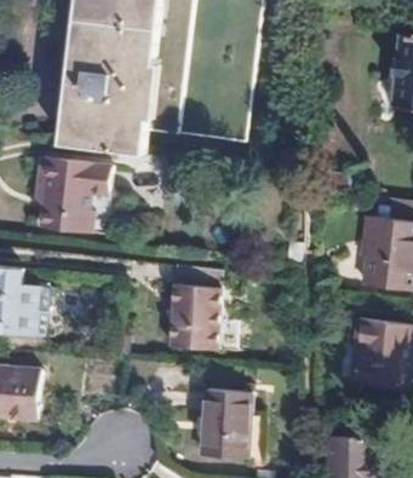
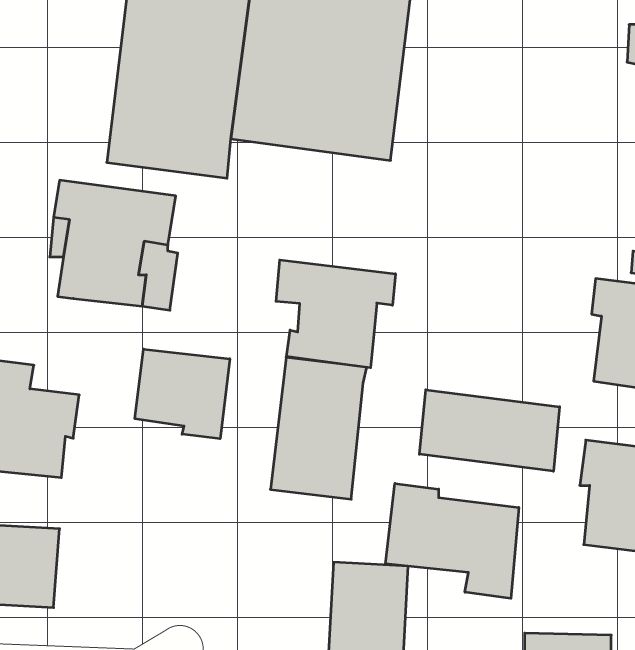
building: none -> [276,260,395,368]
building: none -> [135,349,230,439]
building: none -> [419,390,560,471]
building: none -> [385,483,519,598]

